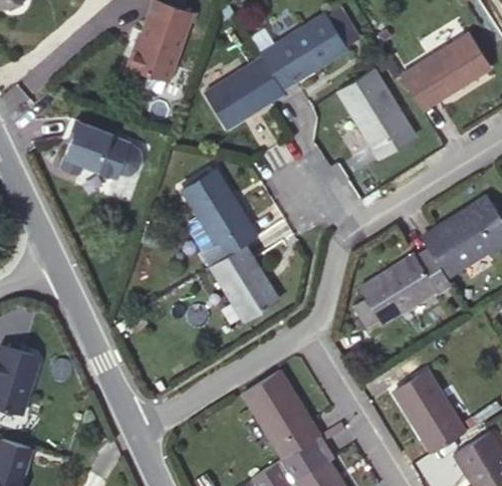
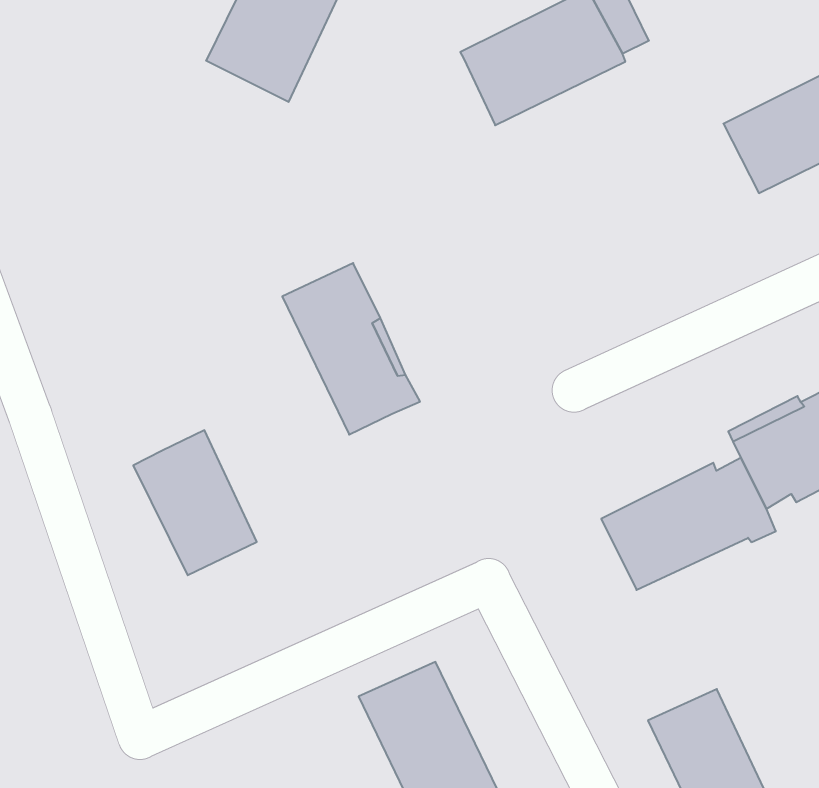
building: [205,56,284,129] -> none
building: [336,68,416,159] -> none
building: [65,125,143,188] -> none
building: [209,245,277,321] -> [133,430,257,575]

